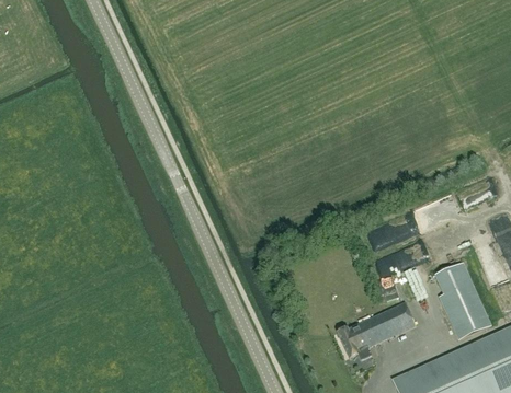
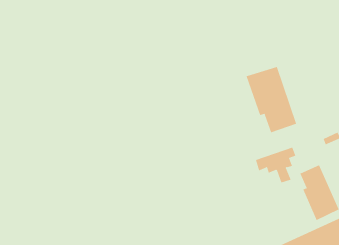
building: none -> [246,66,297,133]
building: [337,302,416,358] -> none

